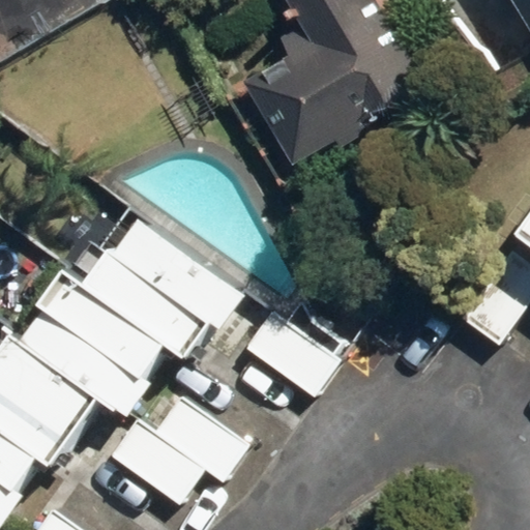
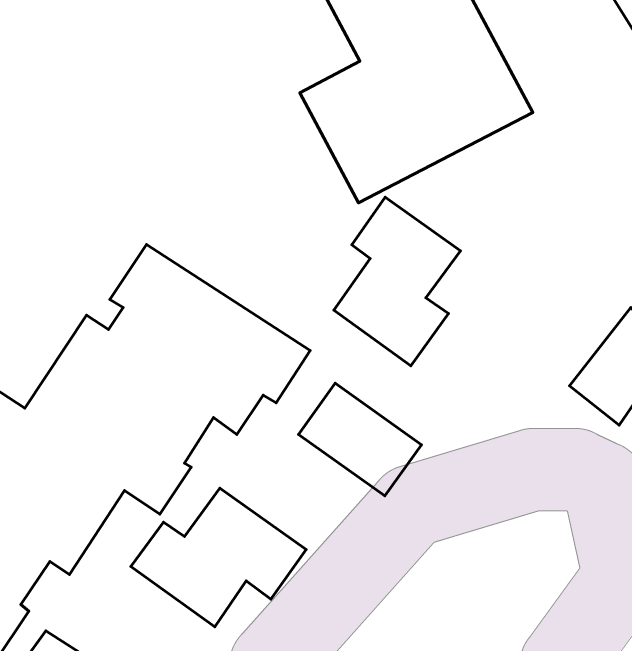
building: none -> [334,197,461,366]

